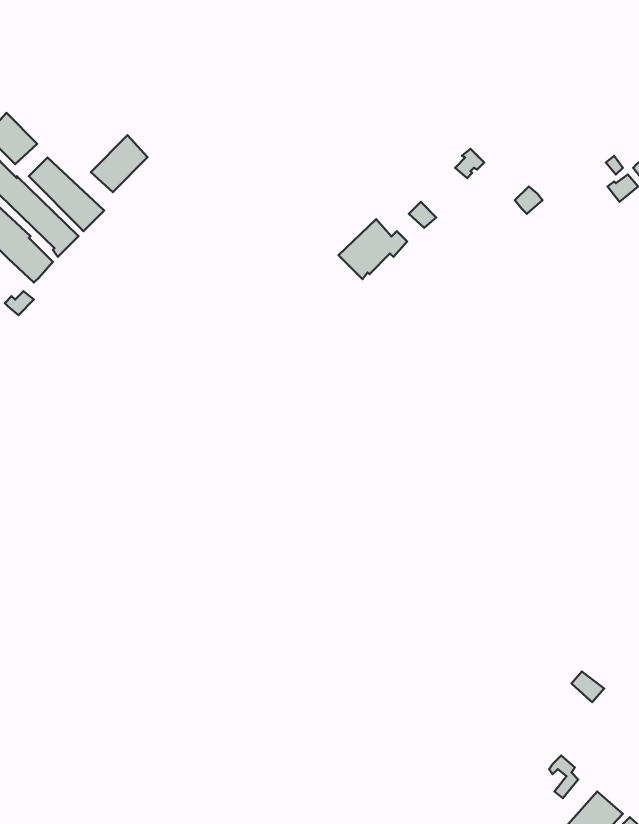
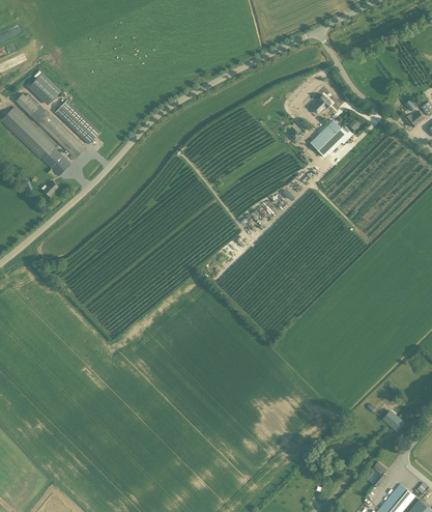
building: [91,135,148,192] -> none
building: [339,219,407,279] -> [310,120,351,157]

